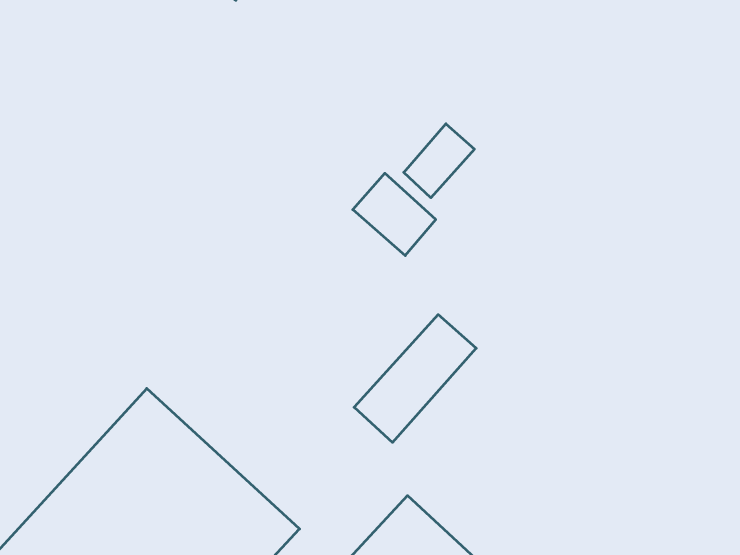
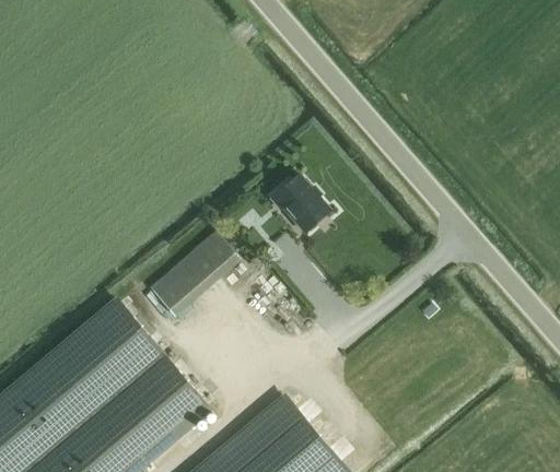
building: [404,124,474,198] -> none
building: [354,315,476,442] -> [151,233,240,316]

